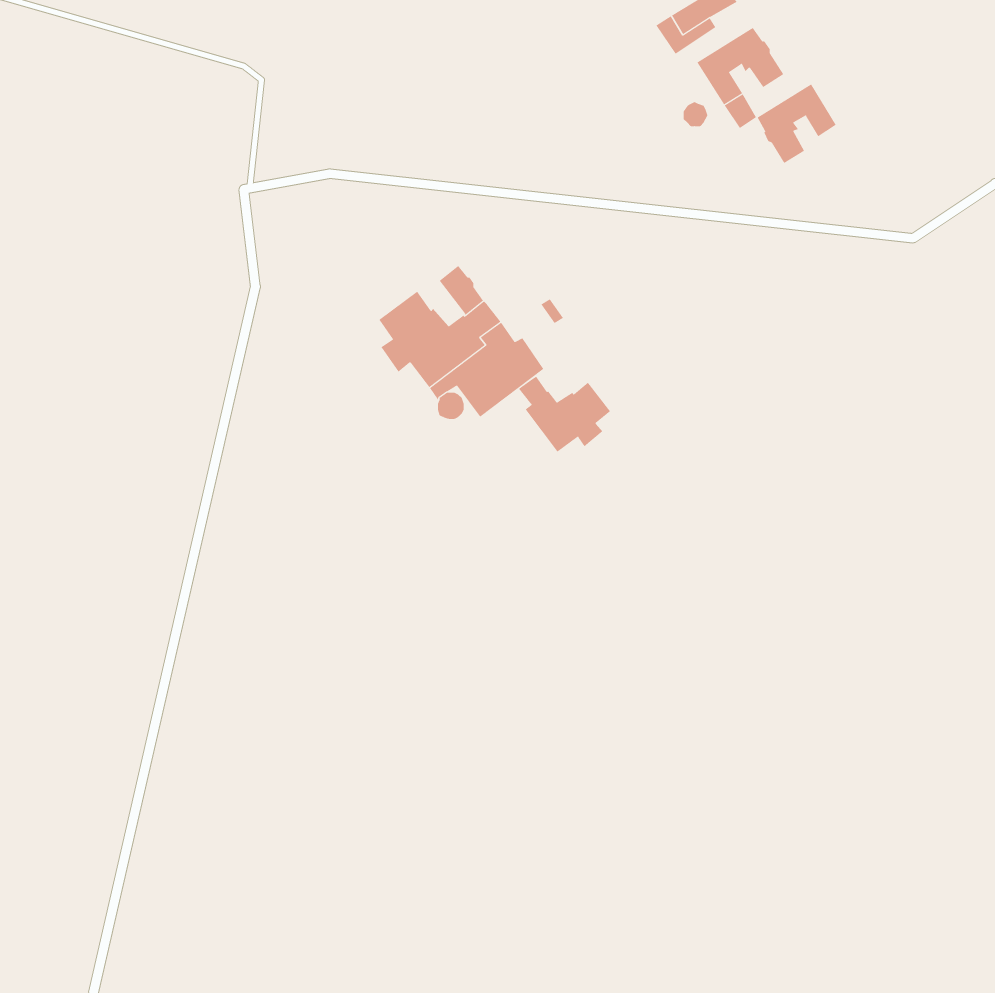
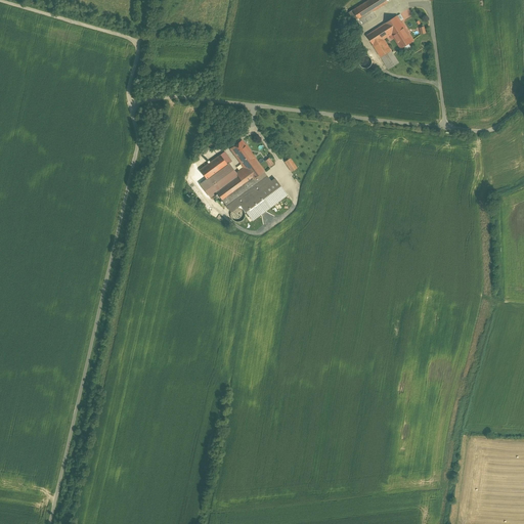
building: [757,83,837,164] -> none
building: [518,376,611,453] -> none

